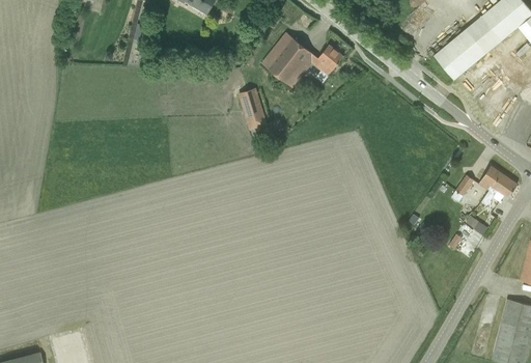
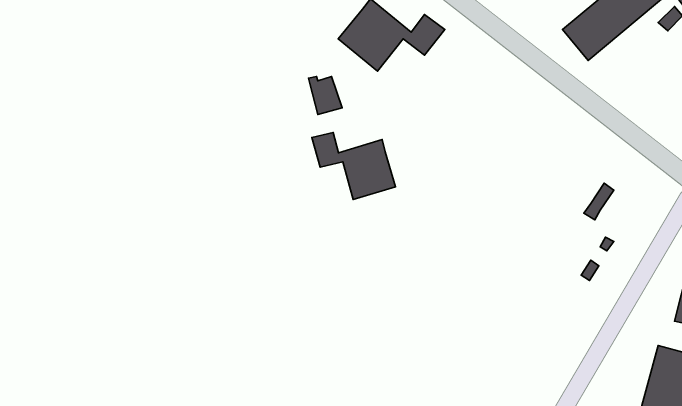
building: none -> [312,132,395,199]
building: [479,166,518,205] -> none

